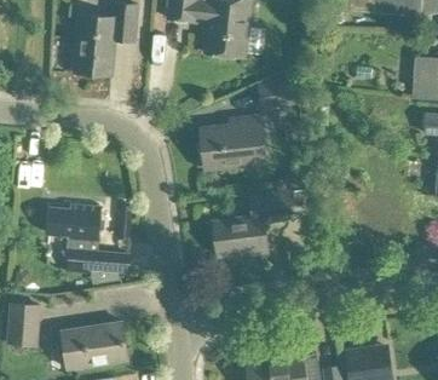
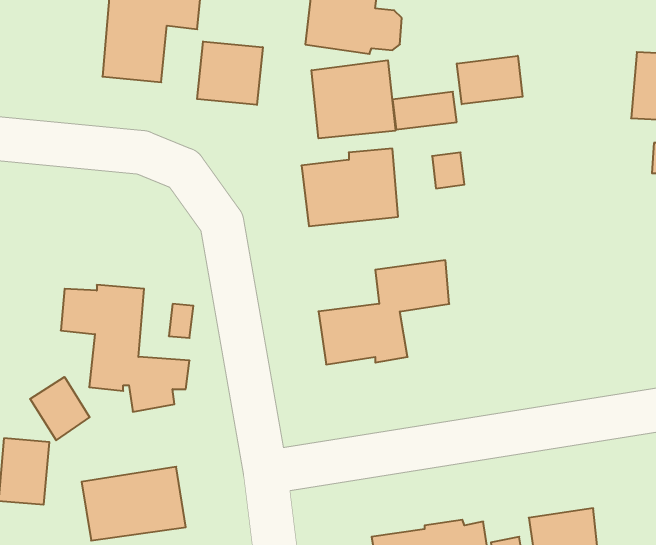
building: none -> [197,41,263,105]
building: none -> [457,56,523,104]
building: none -> [312,60,395,138]
building: none -> [30,377,90,440]

